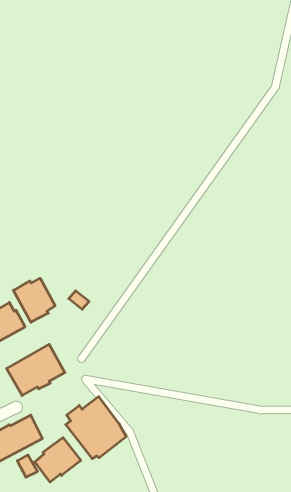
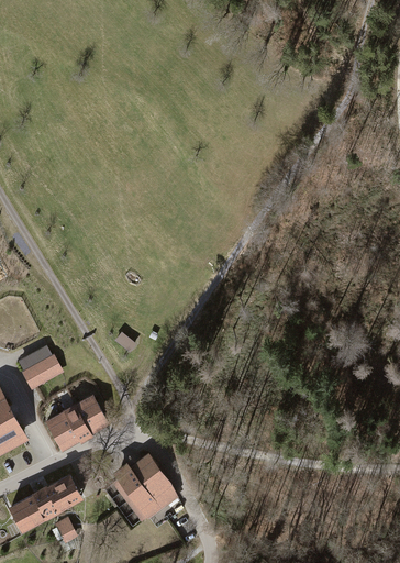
building: [13,278,55,322] -> none
building: [35,438,81,482] -> none

